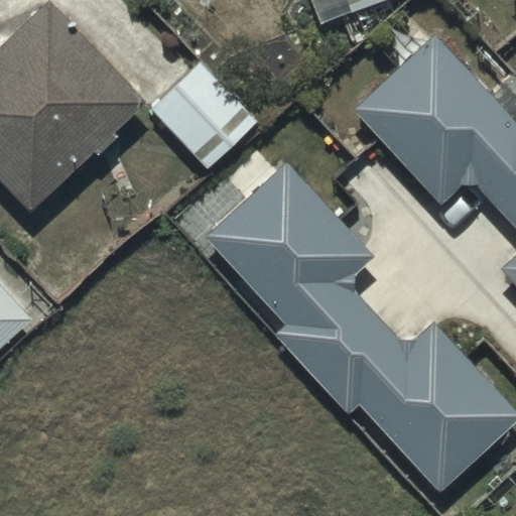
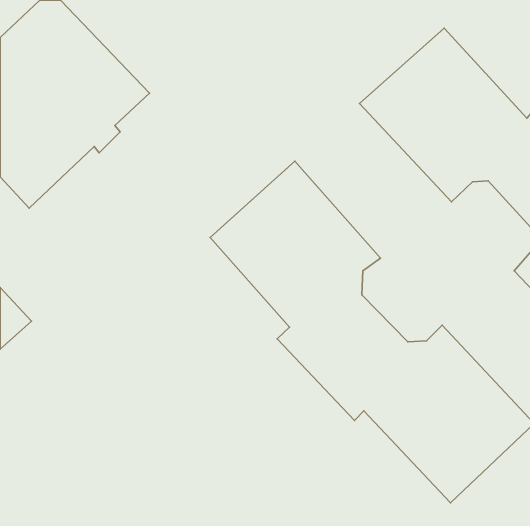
building: [153,59,261,169] -> none

